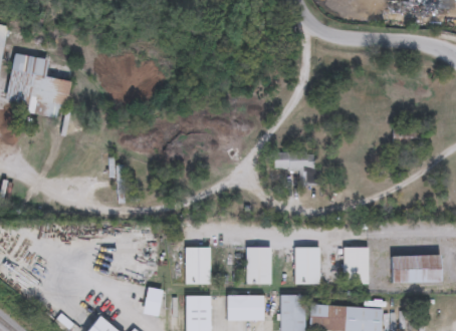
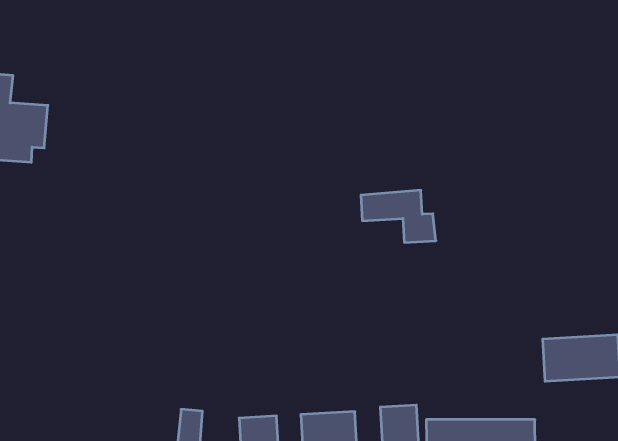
building: [185,247,210,285] -> none
building: [246,247,271,285] -> none
building: [294,247,319,285] -> none
building: [344,248,369,285] -> none

